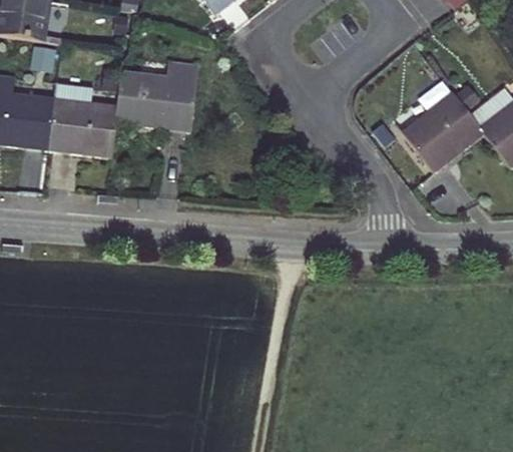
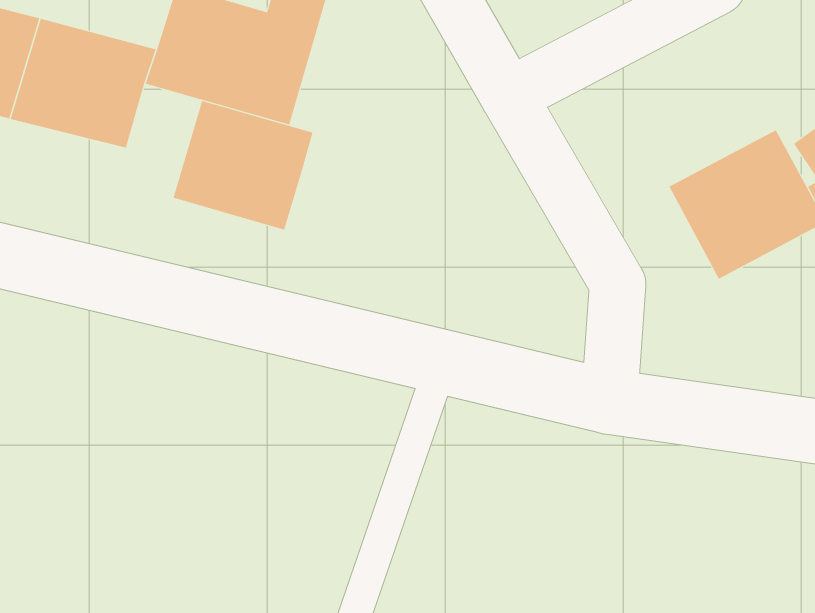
building: none -> [173,100,313,230]

